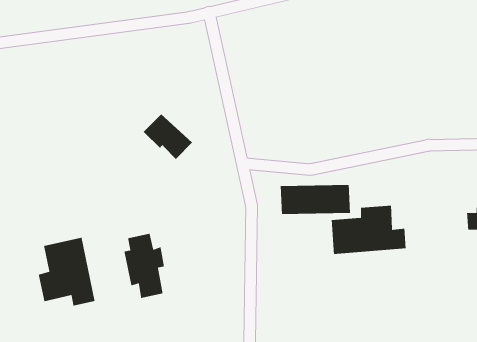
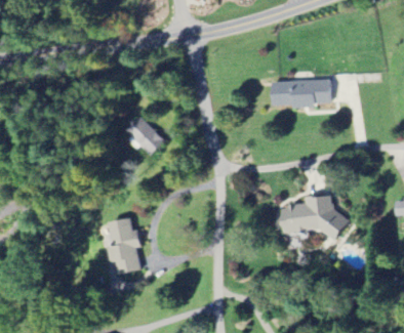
building: [280,184,351,215] -> [272,79,331,105]
building: [38,237,95,307] -> none

